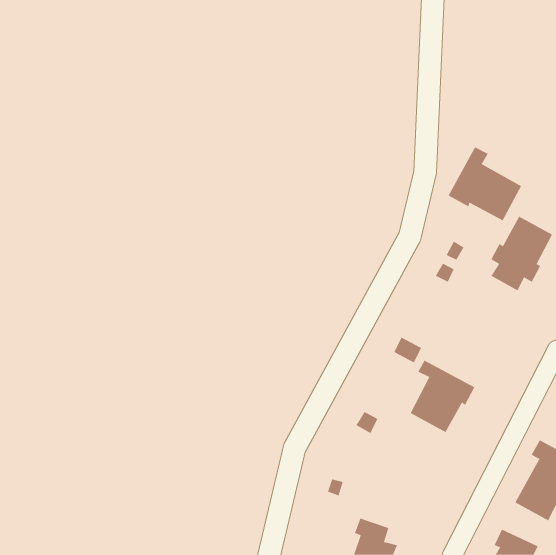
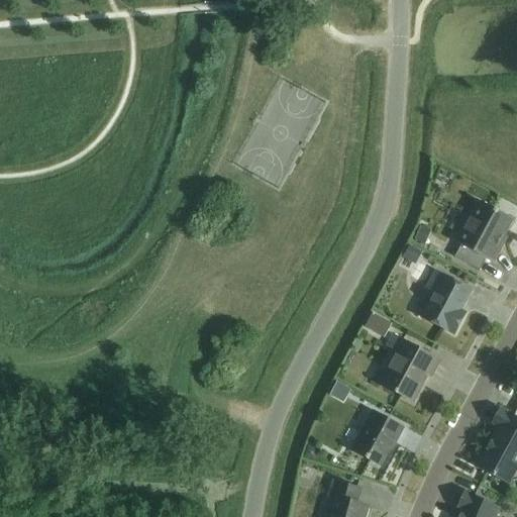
building: [448,146,522,221] -> none
building: none -> [423,270,473,333]
building: none -> [352,410,405,464]

